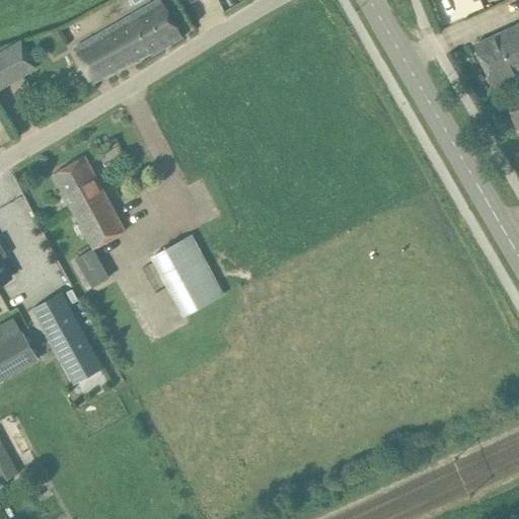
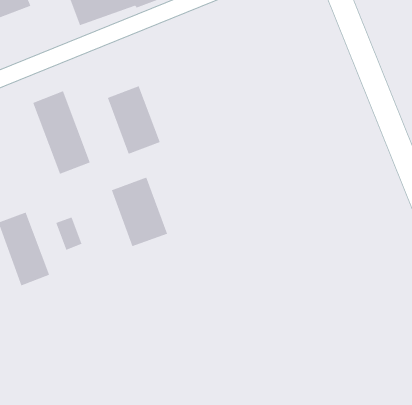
building: none -> [107,85,161,155]
building: [75,247,108,286] -> [55,217,82,251]

